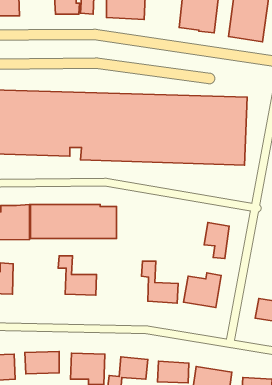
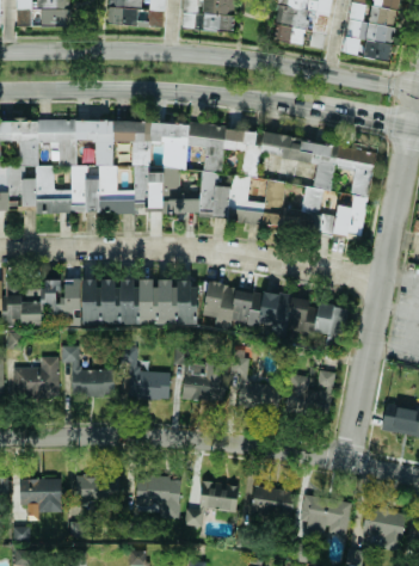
building: none -> [202,282,310,340]
building: none -> [61,345,113,396]
building: none -> [183,363,226,401]

